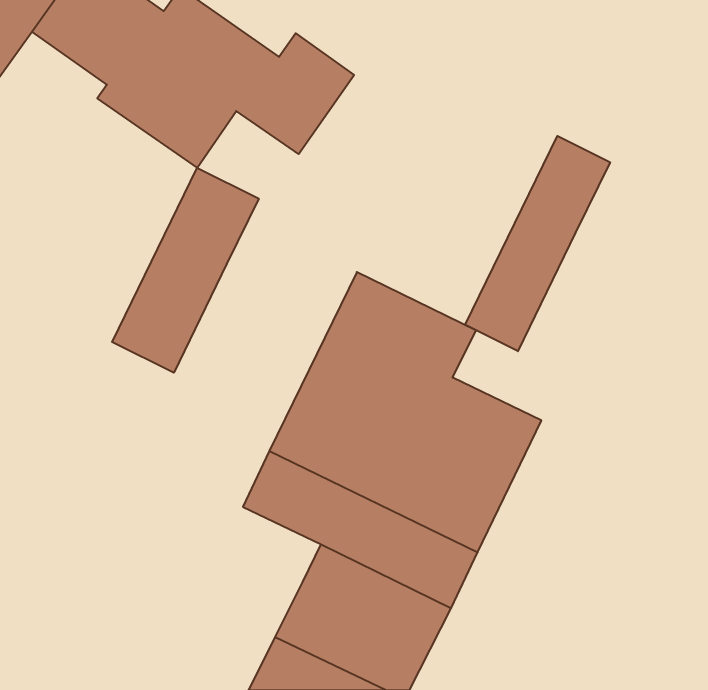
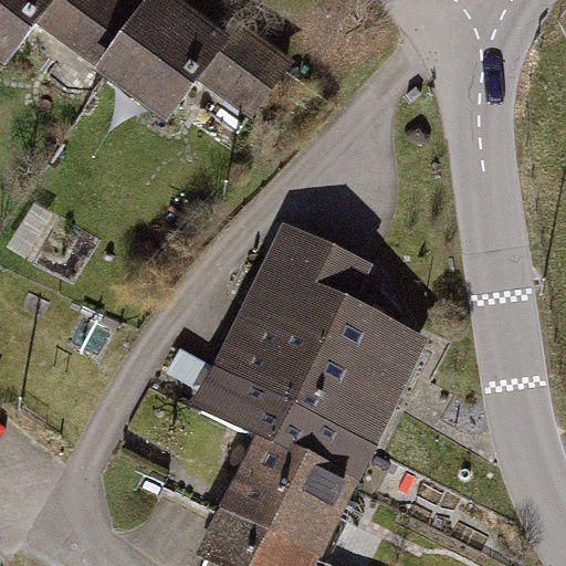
building: [465,136,610,351] -> none
building: [112,168,259,373] -> none

